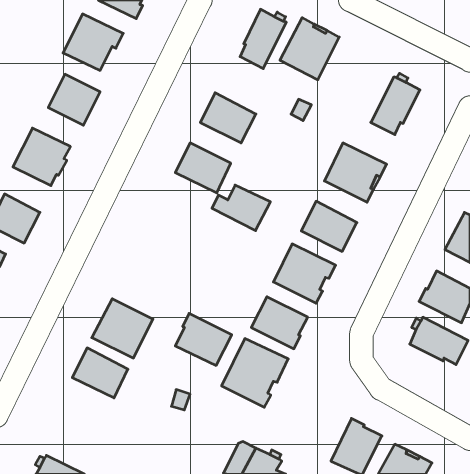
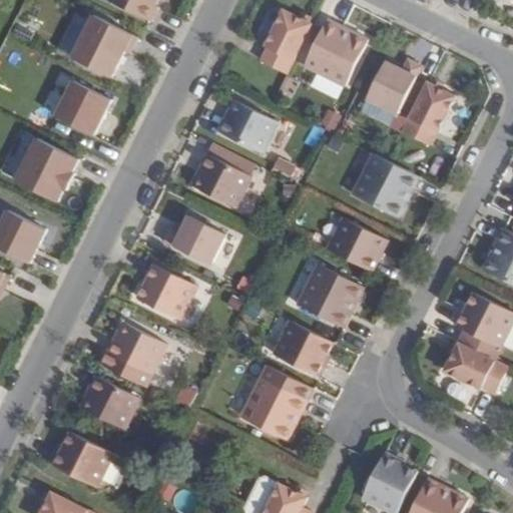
building: none -> [366,60,420,114]
building: [212,185,270,231] -> [161,216,224,266]
building: [175,313,232,365] -> [135,264,196,320]
building: none -> [50,432,112,487]

